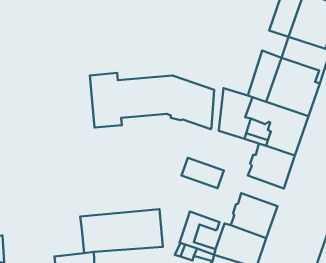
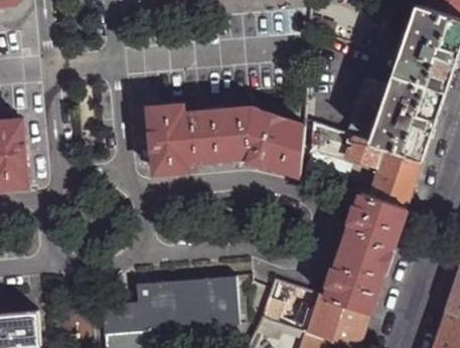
building: [181,158,224,188] -> [338,234,392,273]
building: none -> [102,302,141,336]

